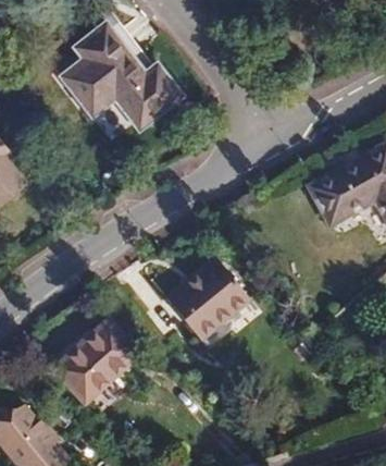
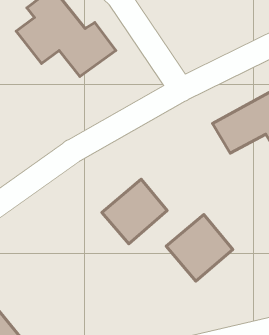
building: none -> [166,215,233,281]
building: [54,323,137,403] -> none

